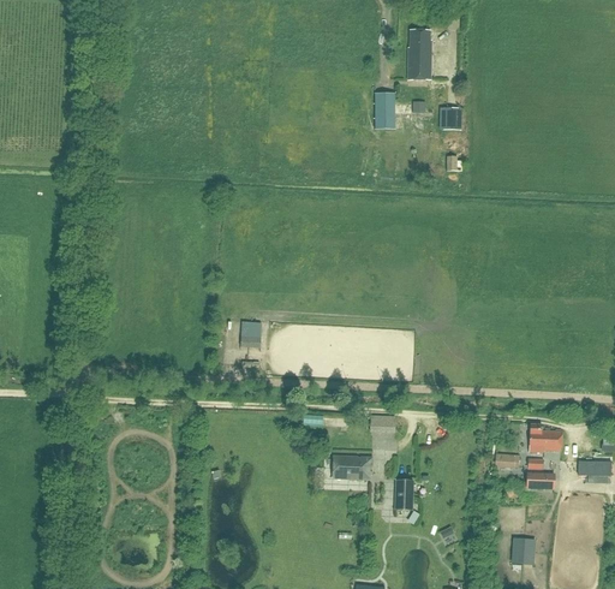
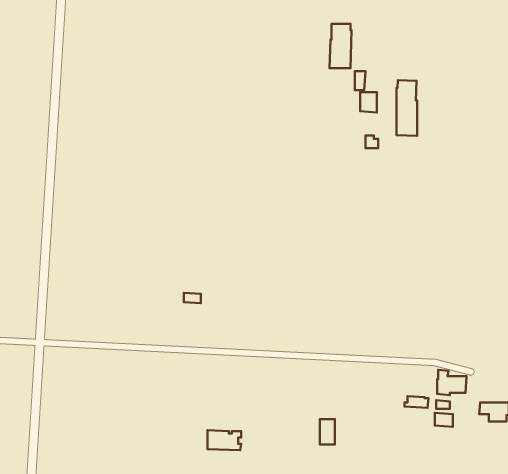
building: [375,91,394,127] -> none
building: none -> [396,80,417,136]
building: [333,454,371,477] -> [208,430,241,450]

